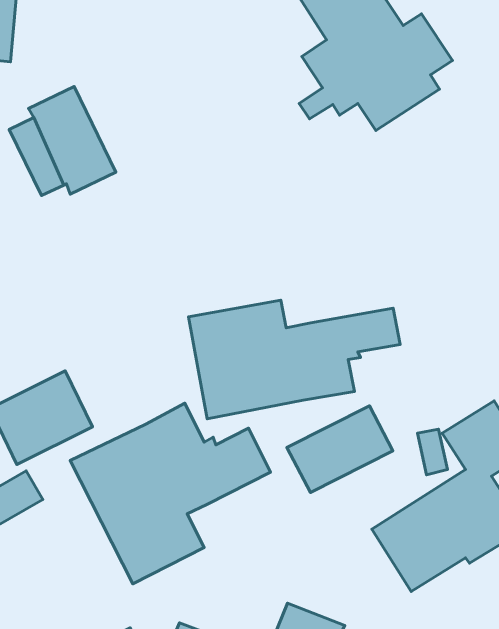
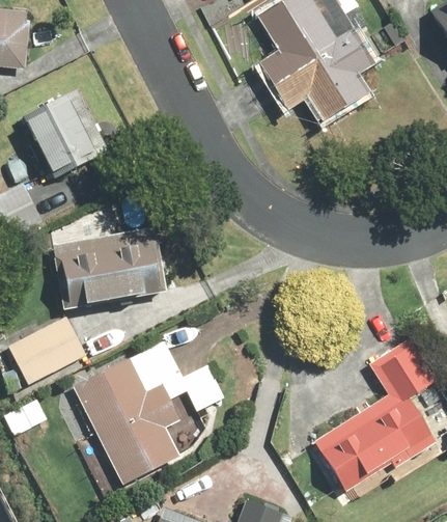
building: none -> [52,225,166,306]
building: [188,300,400,419] -> none
building: [287,406,393,492] -> none

